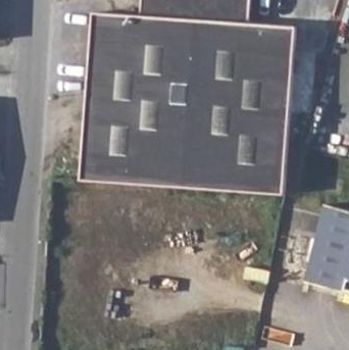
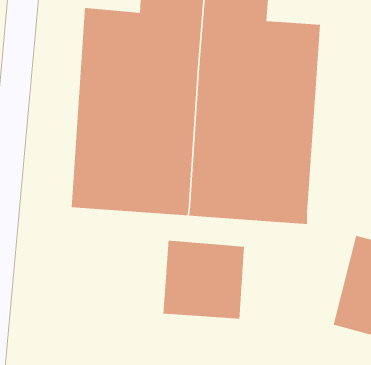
building: none -> [163,240,245,320]

